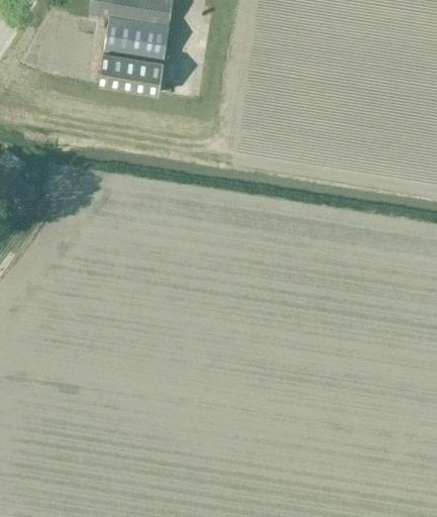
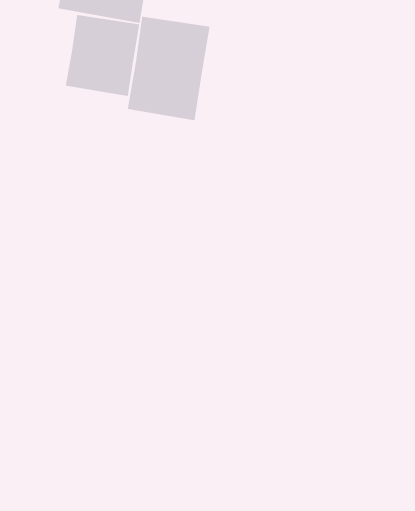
building: none -> [127,16,210,121]

